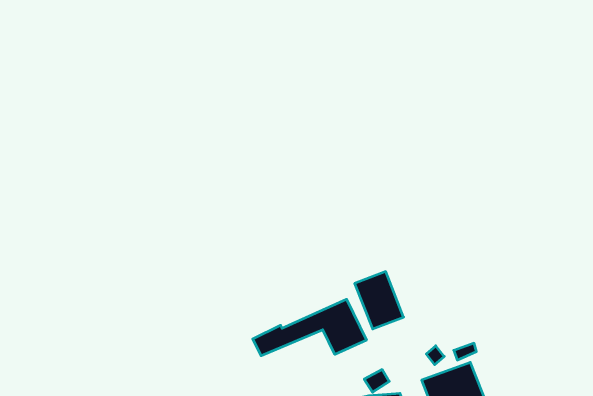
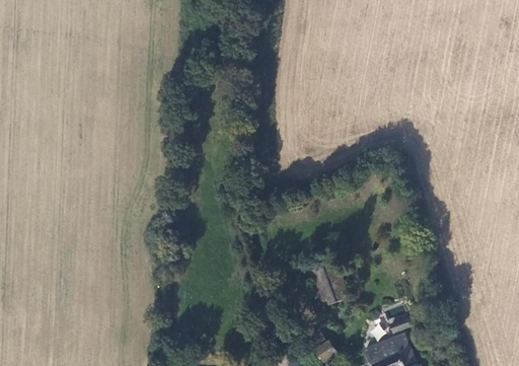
building: [253,299,366,356] -> none

